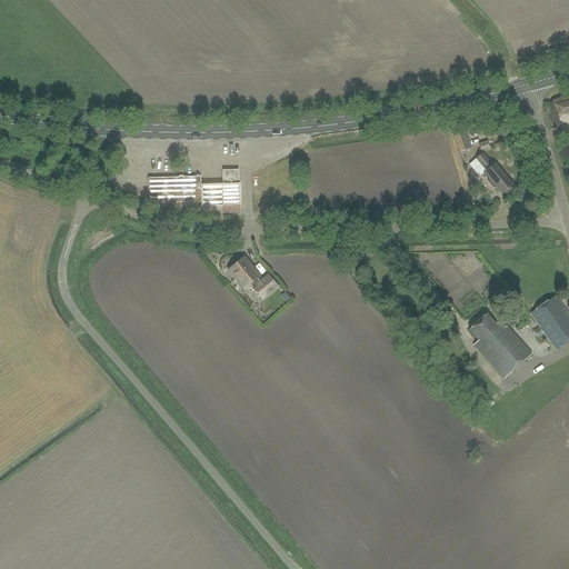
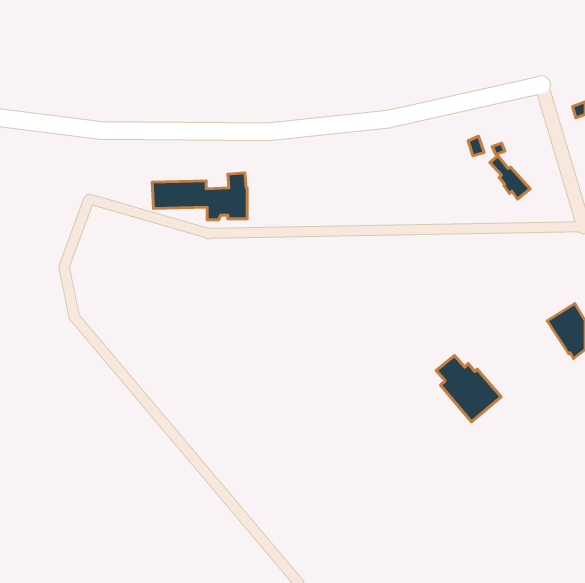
building: [229,256,278,297] -> none
building: [469,313,532,378] -> [436,356,501,422]

